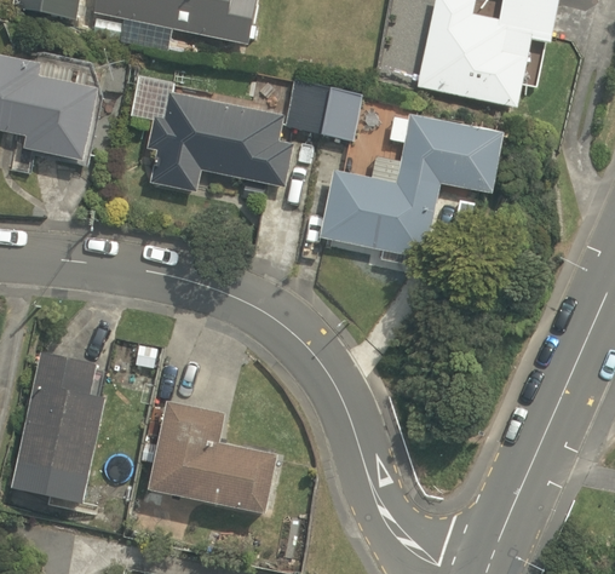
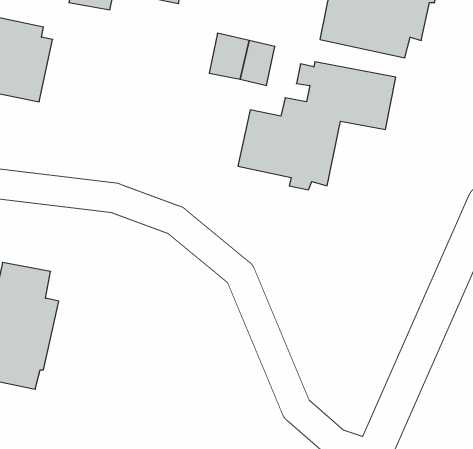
building: [130,75,293,191] -> none
building: [148,400,277,512] -> none

